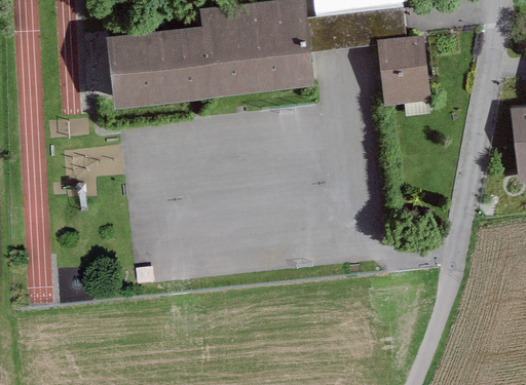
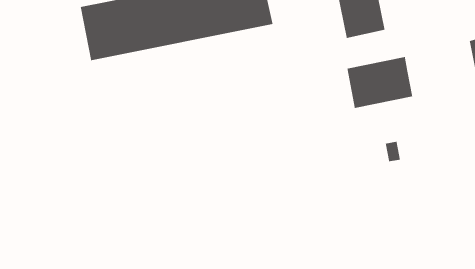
building: none -> [346,56,413,109]

